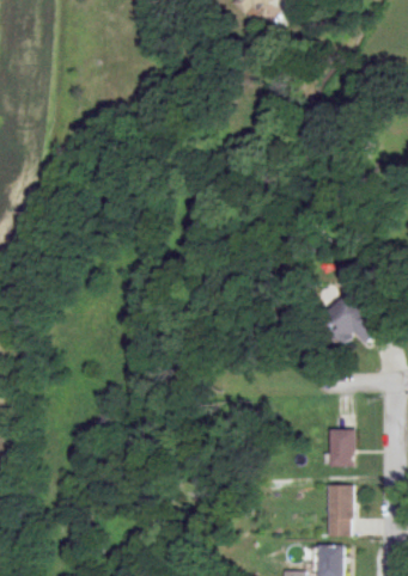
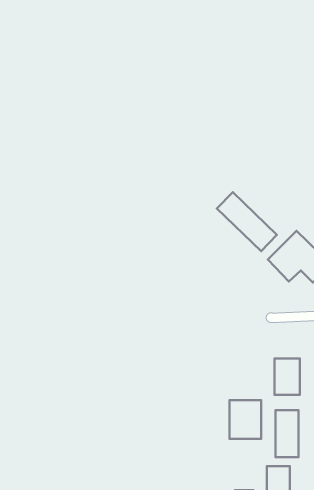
building: none -> [217,192,277,251]
building: none -> [229,400,261,439]

